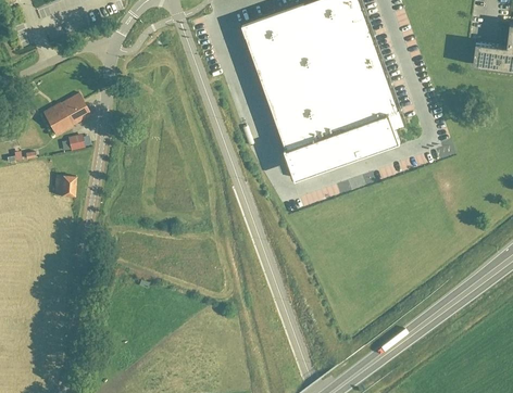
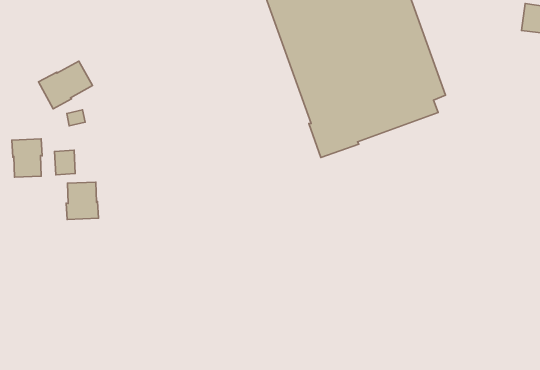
building: none -> [12,139,42,177]
building: none -> [66,182,98,220]

